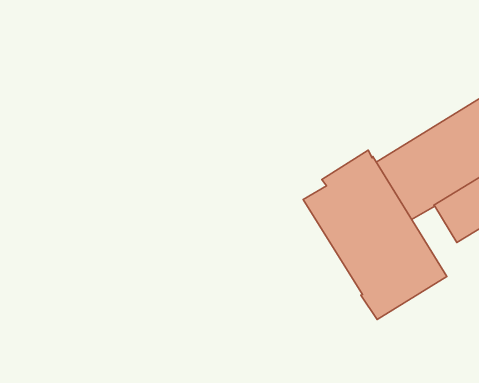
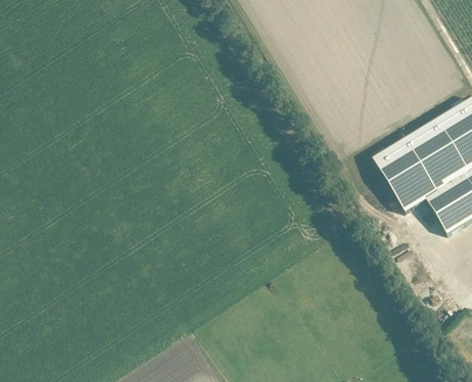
building: [303,150,447,320] -> none

